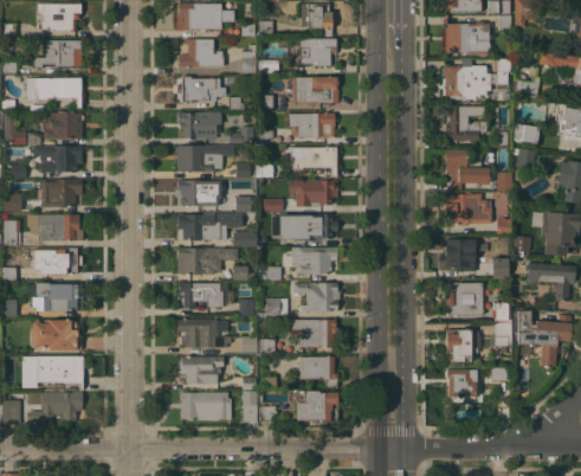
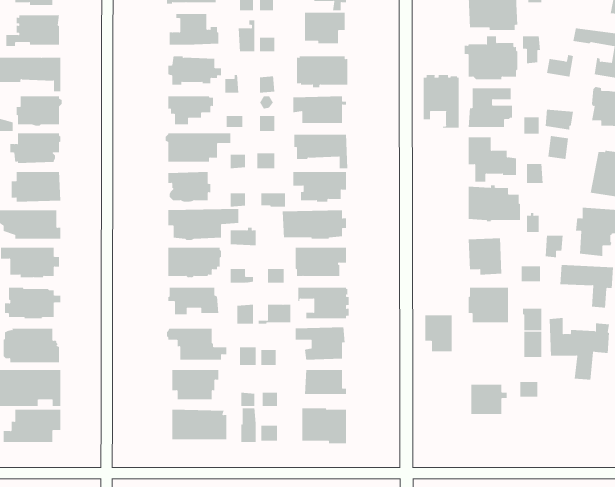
building: none -> [423,74,459,129]
building: [446,329,471,362] -> [424,315,452,352]

